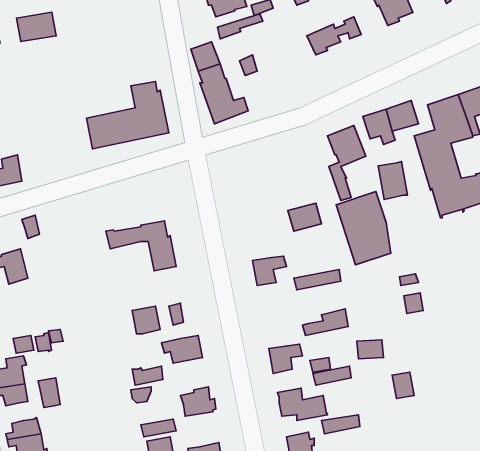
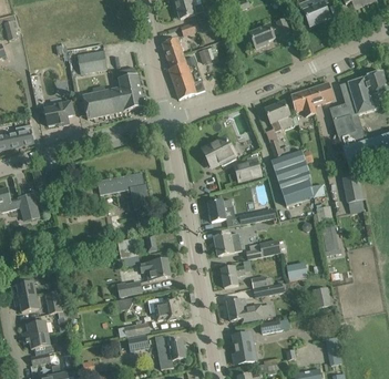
building: [16,12,56,42] -> [76,50,106,72]
building: none -> [43,100,73,125]
building: [378,161,408,200] -> [341,173,364,202]
building: none -> [203,137,235,165]
building: none -> [214,232,240,255]

